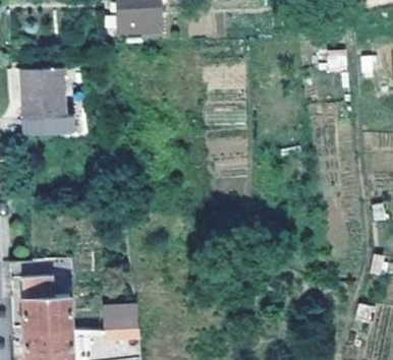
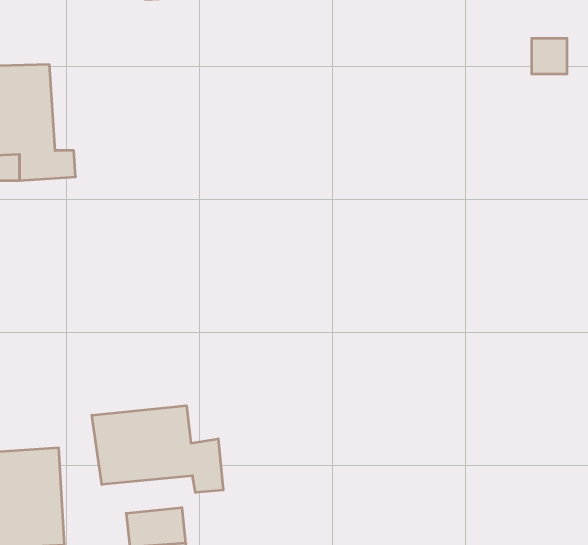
building: none -> [92,406,223,493]

